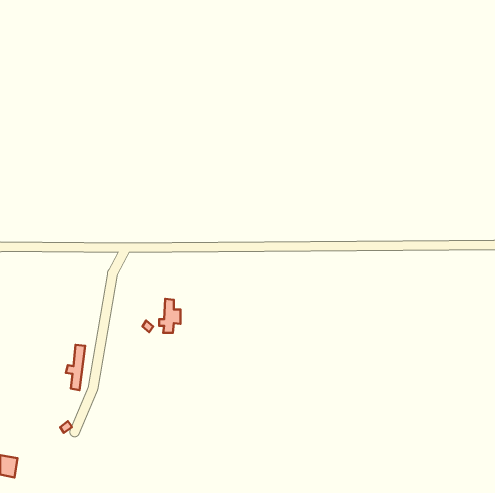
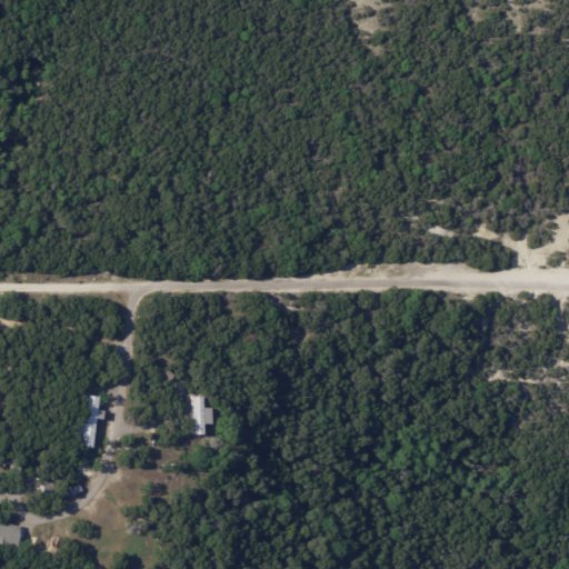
building: [159,299,181,333] -> [189,396,213,435]

